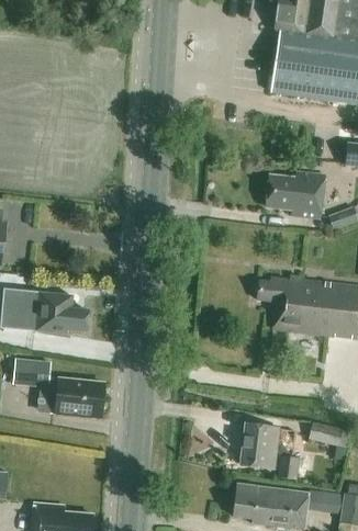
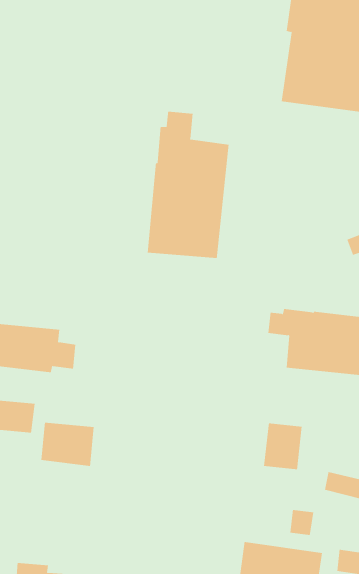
building: none -> [147,111,229,259]
building: [267,171,324,218] -> none
building: [243,426,278,467] -> [263,423,303,470]

